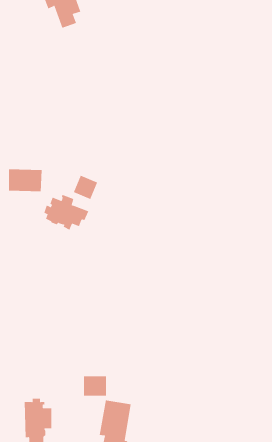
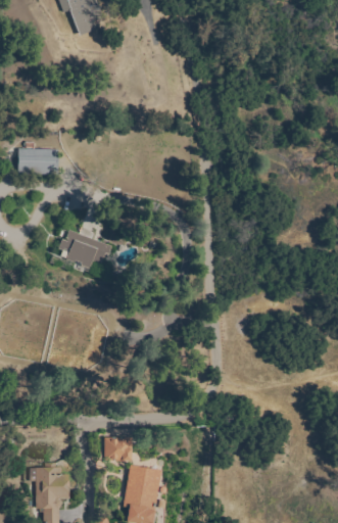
building: [8,169,42,192] -> [18,148,58,175]
building: [73,175,98,200] -> none

